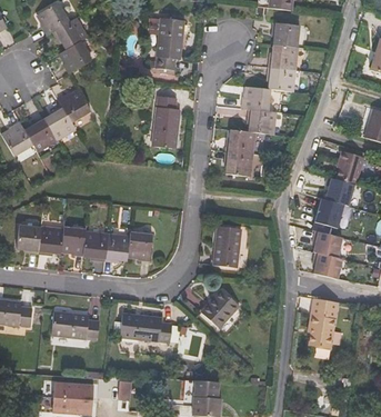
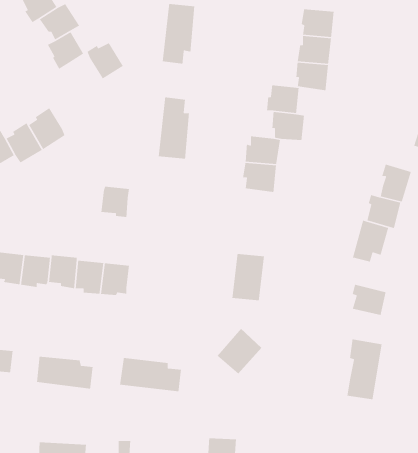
building: [60,91,91,122] -> [86,42,124,80]
building: [313,230,342,257] -> none
building: [127,232,151,259] -> [100,186,130,218]

